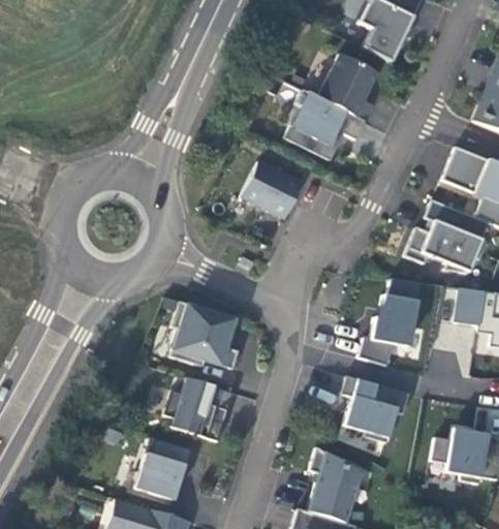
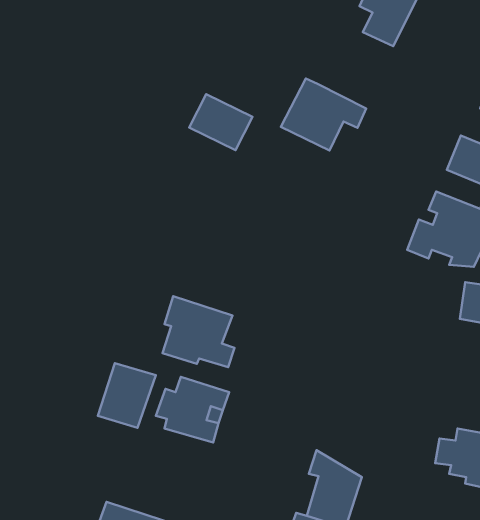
building: [318,53,378,120] -> none
building: [241,161,302,215] -> [189,94,253,150]
building: [358,277,419,365] -> none
building: [341,374,409,442] -> none
building: [134,437,190,499] -> [98,363,156,428]

